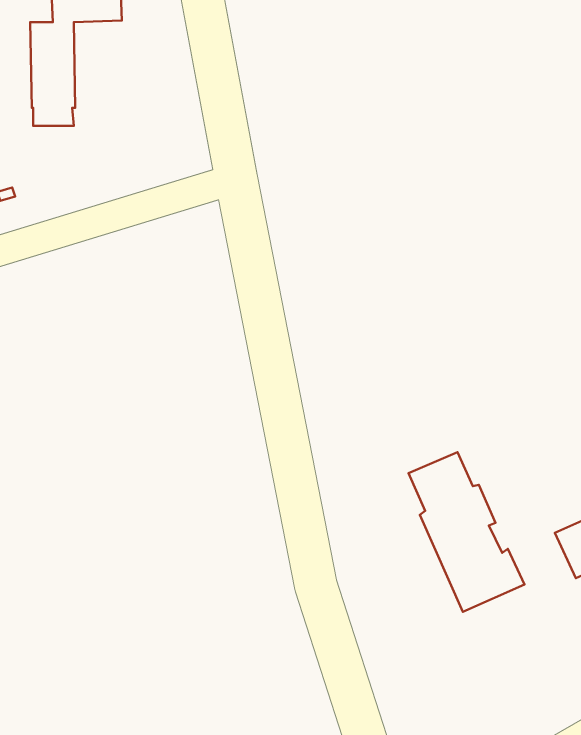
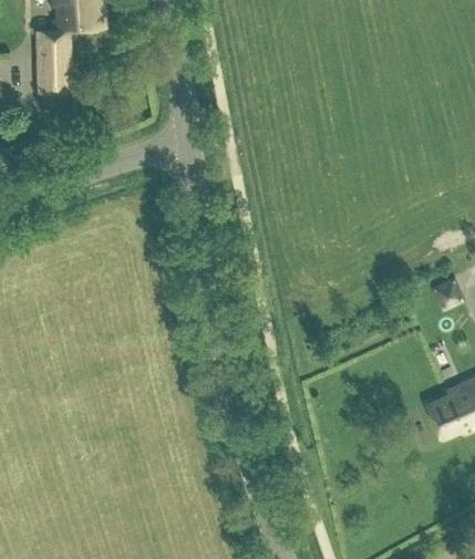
building: [408,452,524,612] -> none

